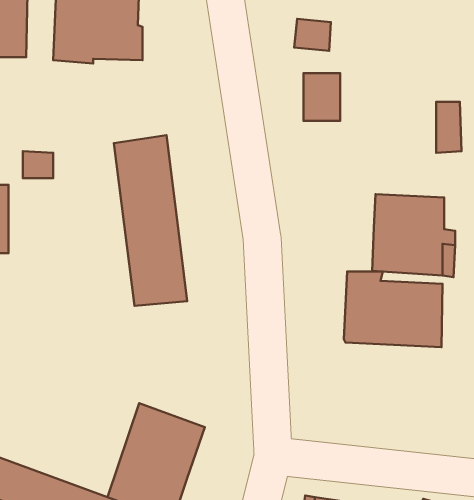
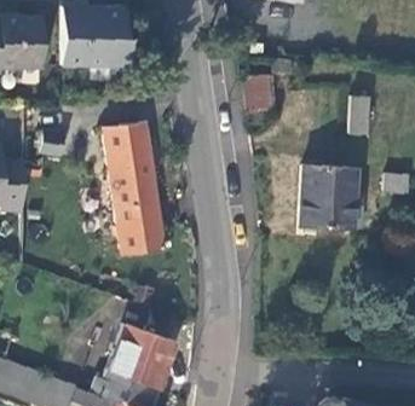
building: [344,271,442,347] -> none

